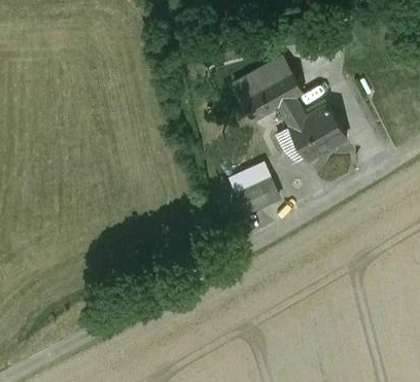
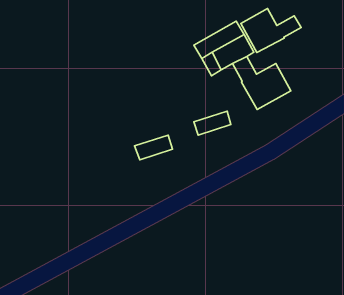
building: none -> [241,9,301,53]
building: [237,179,281,208] -> [135,135,173,160]

